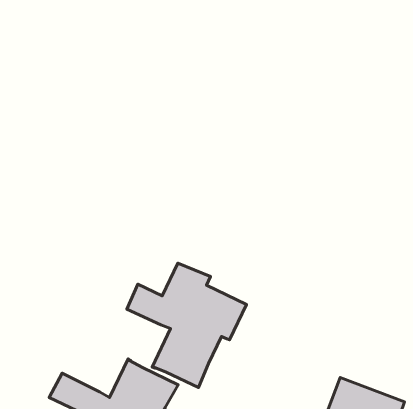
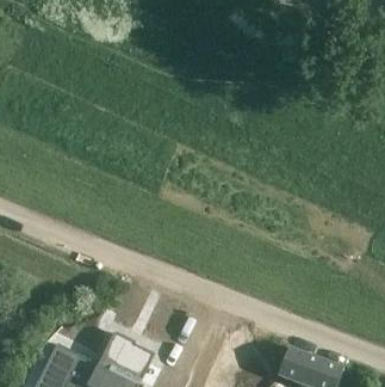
building: [127,263,247,388] -> none

